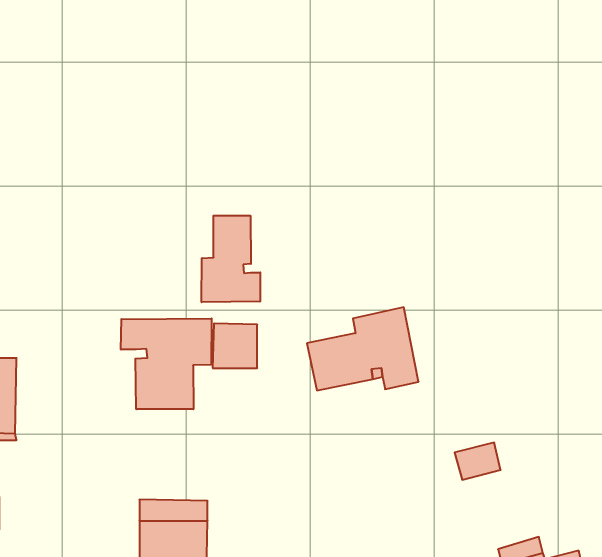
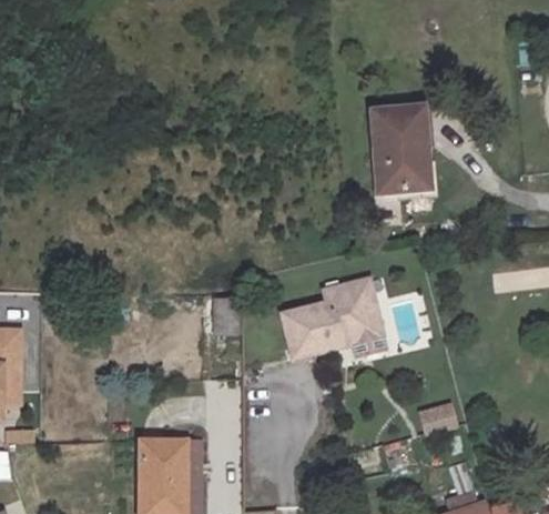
building: none -> [380,112,438,198]
building: [202,216,260,302] -> none
building: [121,318,212,409] -> none

